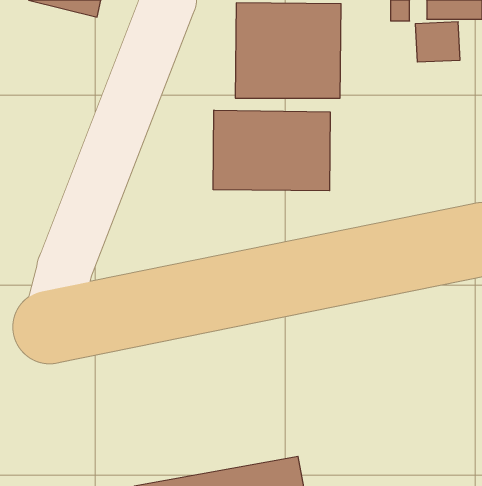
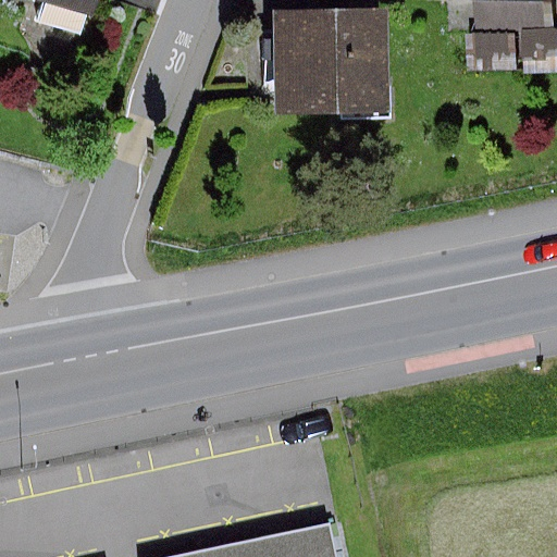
building: [213,110,330,191] -> none

